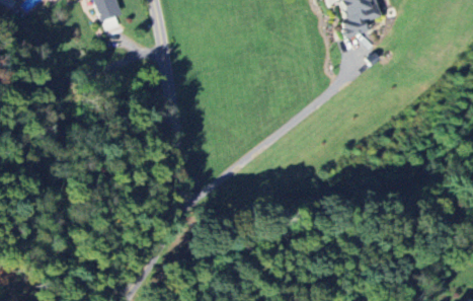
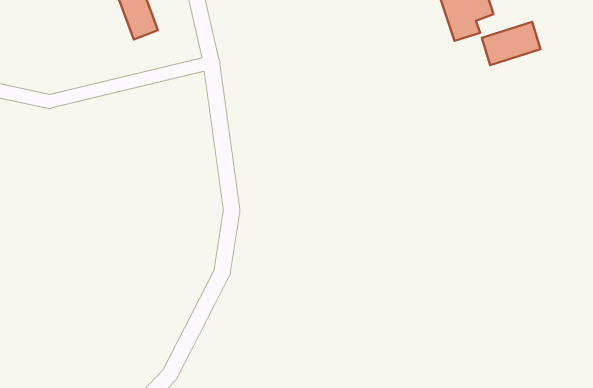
building: none -> [482,22,540,65]

